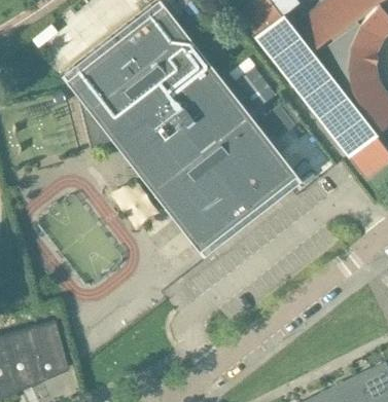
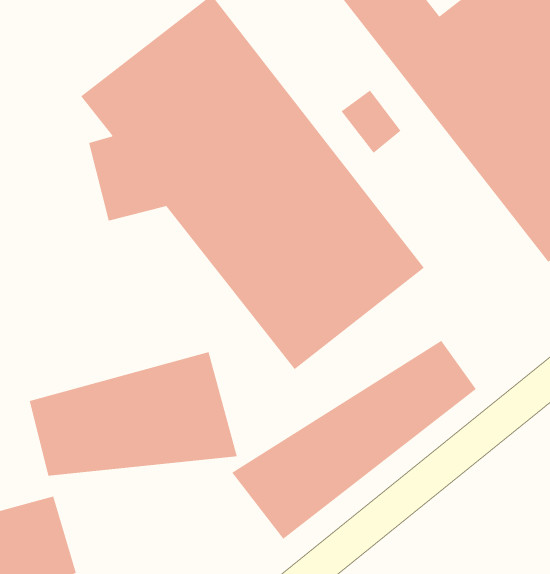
building: none -> [231,340,477,540]
building: none -> [29,351,238,476]

